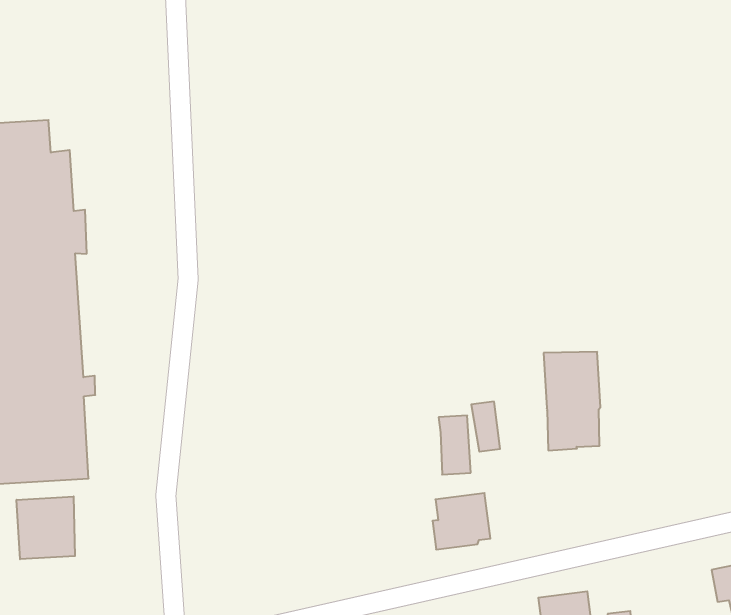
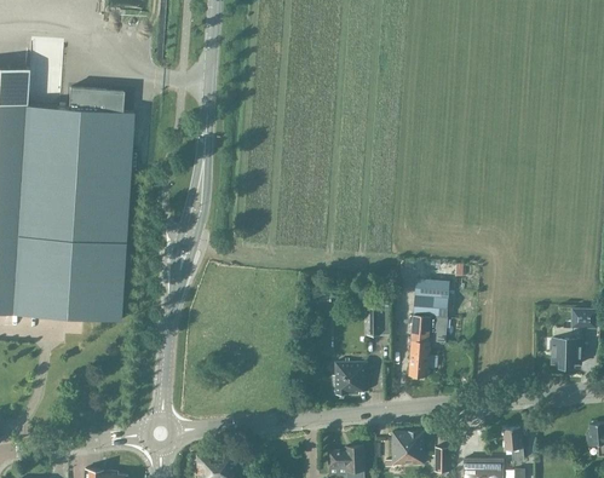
building: [439,416,471,475] -> [409,341,430,379]
building: [17,496,75,559] -> none

